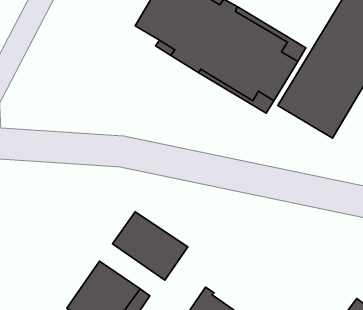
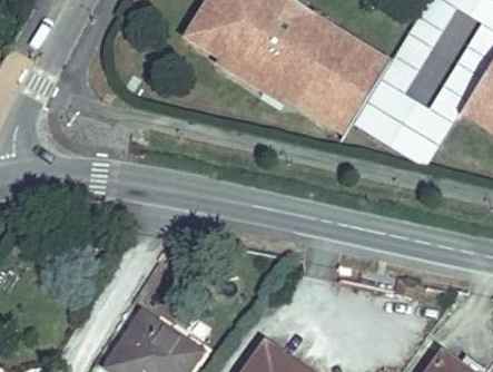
building: [113,212,188,280] -> none

